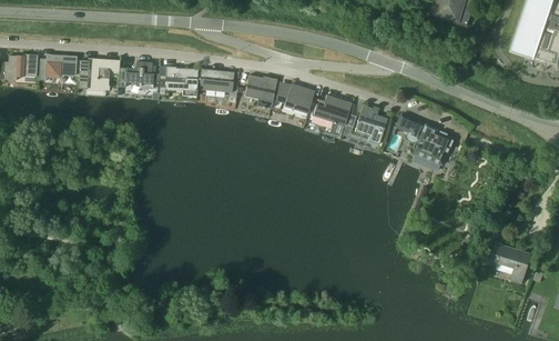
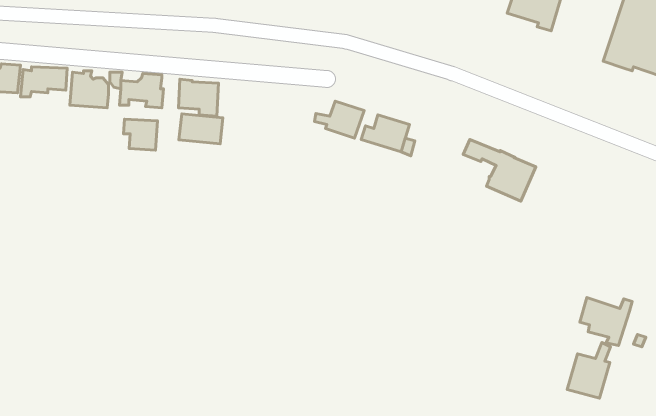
building: [199,68,234,92] -> [179,114,223,144]
building: [244,74,277,108] -> none
building: none -> [123,119,157,150]
building: [354,104,387,144] -> none
building: none -> [567,343,611,398]

